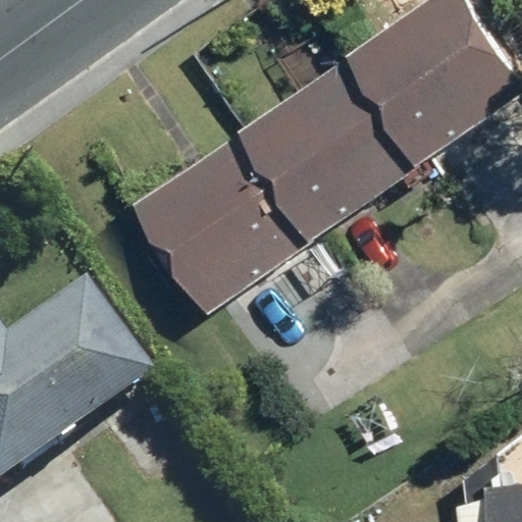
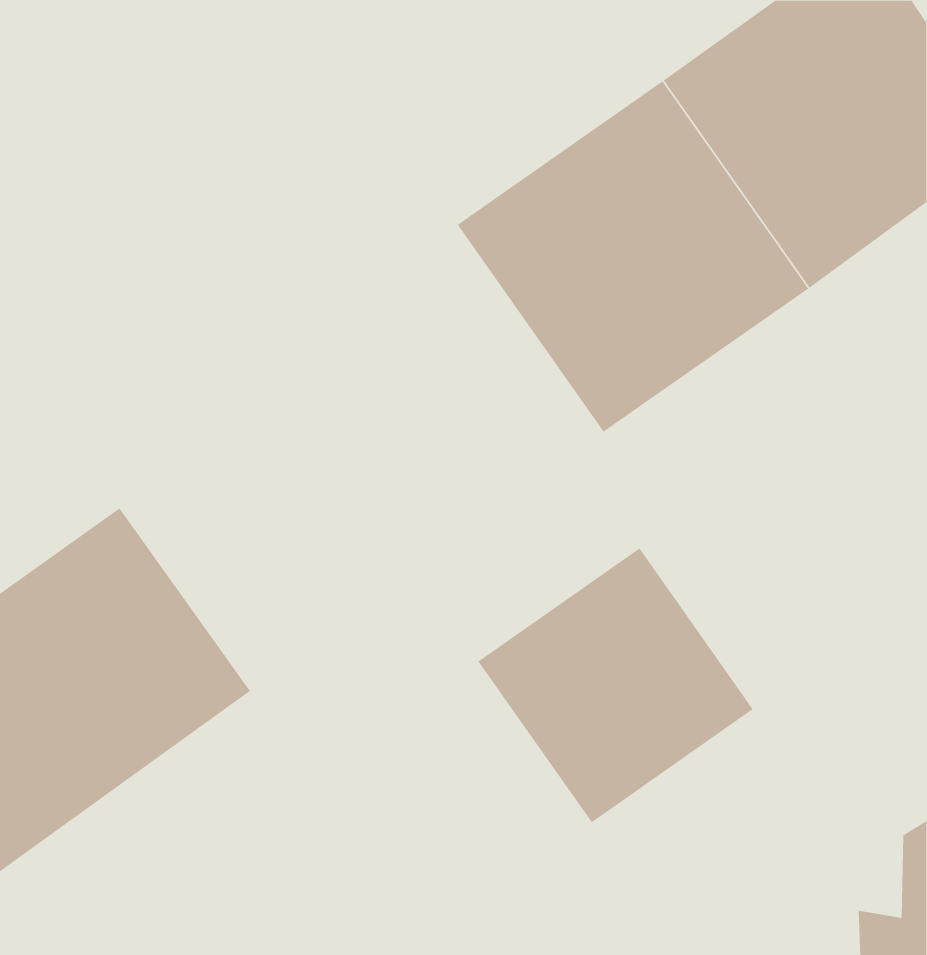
building: [137,123,328,314] -> none
building: none -> [478,548,754,823]

